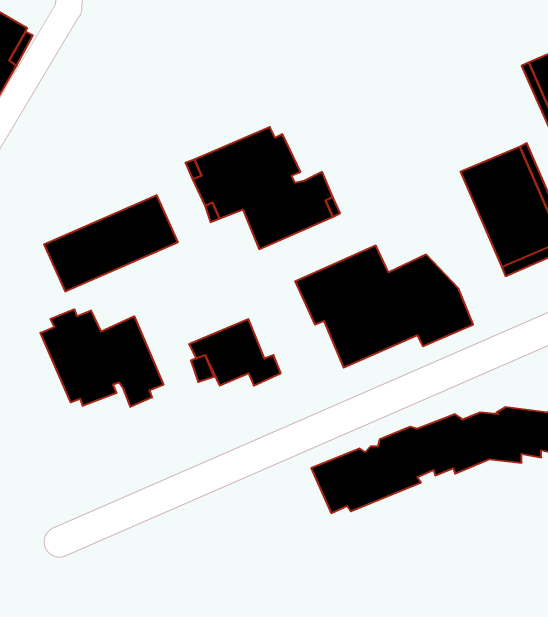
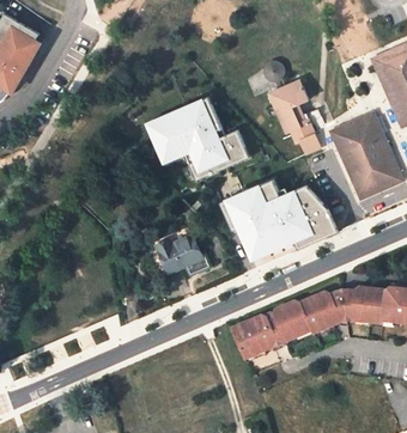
building: none -> [263,63,318,153]
building: [44,195,178,292] -> none
building: [40,309,163,407] -> none

